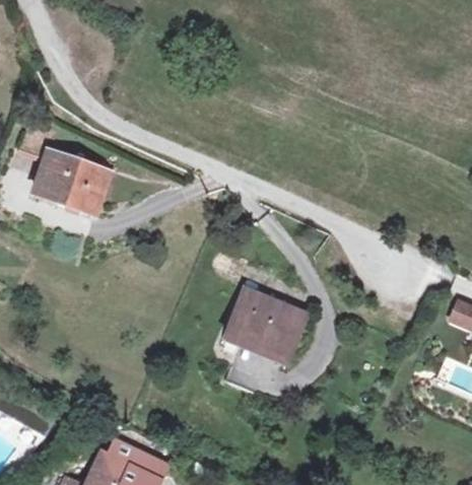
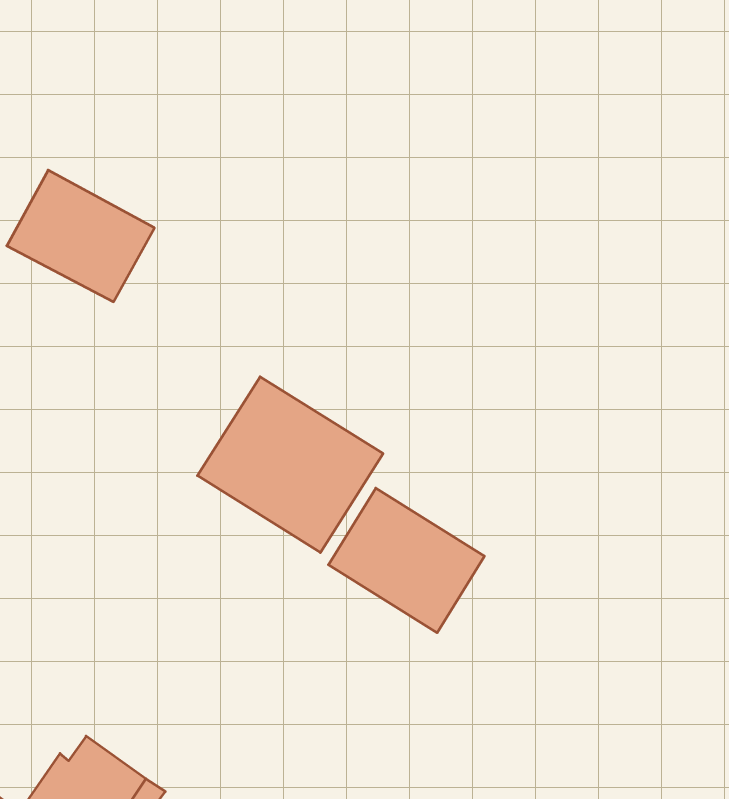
building: none -> [197,377,383,553]

